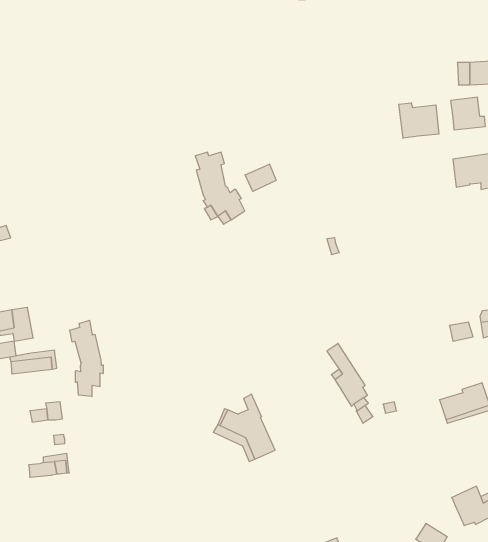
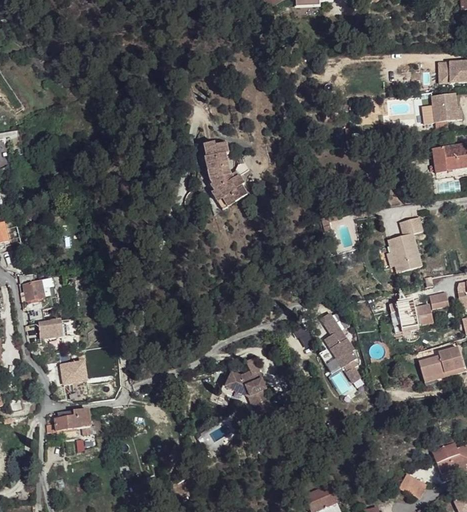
building: [399,103,439,138] -> none
building: [245,164,276,191] -> none
building: none -> [386,217,421,272]
building: [70,320,103,397] -> none
building: none -> [390,300,433,329]

